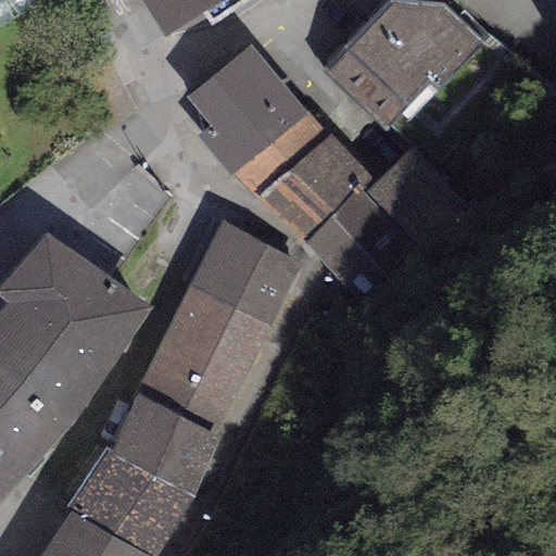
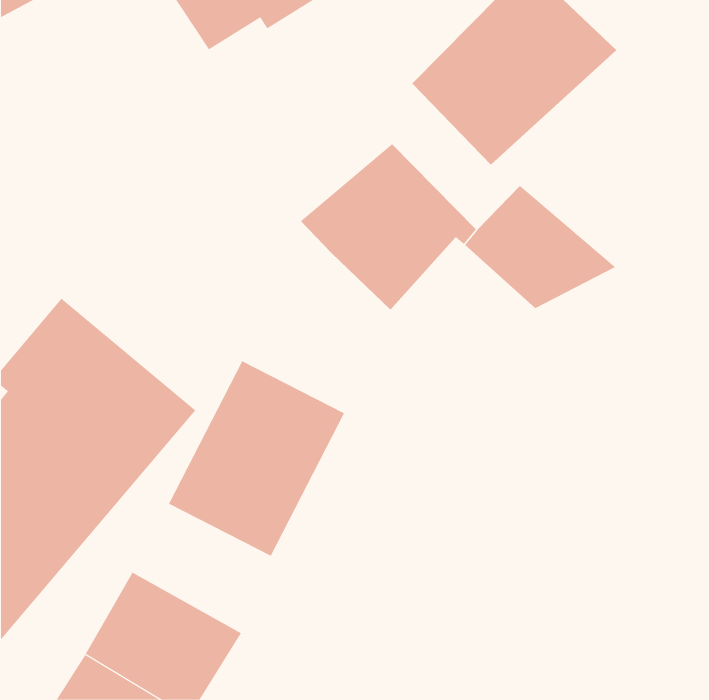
building: [189,45,307,176] -> none
building: [306,186,419,298] -> none
building: [190,220,301,323] -> none
building: [104,393,220,494] -> none

